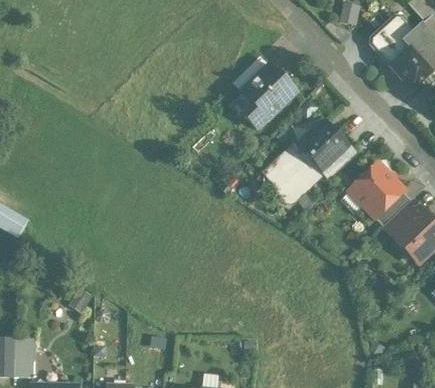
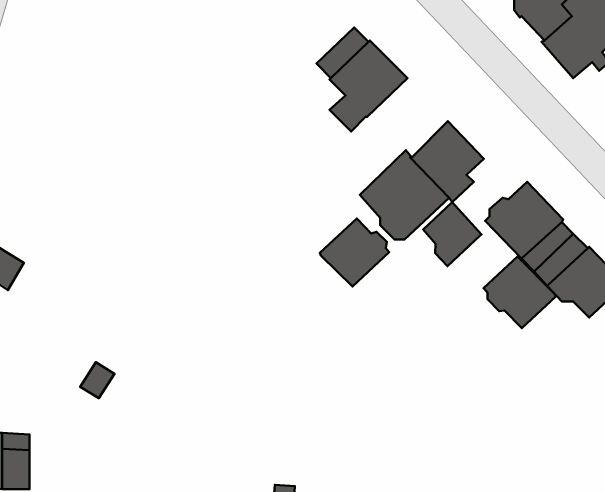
building: none -> [423,202,481,266]
building: none -> [320,218,389,287]
building: none -> [484,257,556,328]

